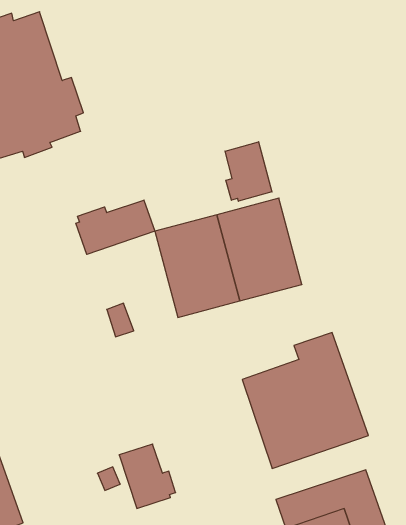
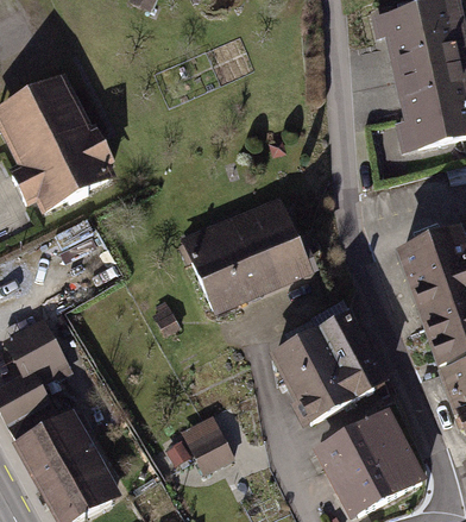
building: [225,142,272,201] -> none
building: [76,200,155,254] -> none

